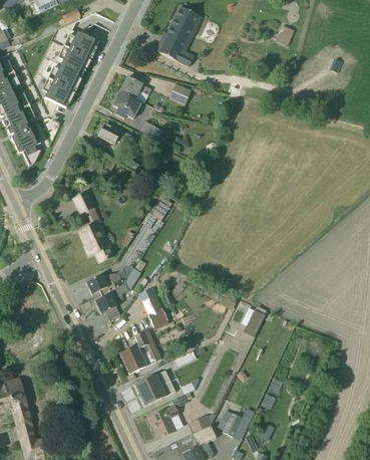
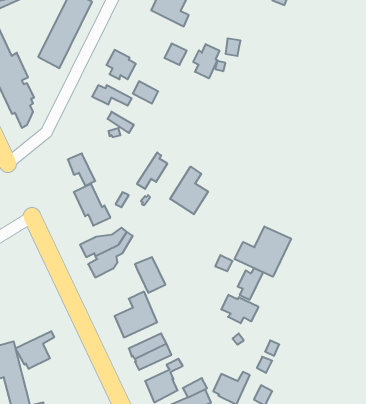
building: [119,76,149,102] -> none
building: none -> [193,44,219,78]
building: none -> [170,167,208,214]
building: none -> [235,226,291,277]
building: none -> [221,295,258,323]
building: none -> [16,331,54,369]

